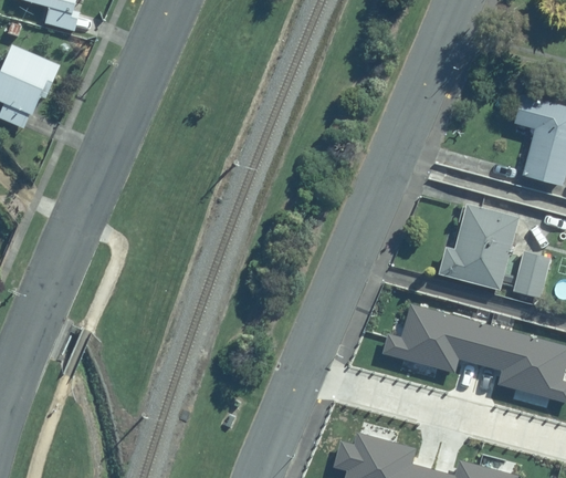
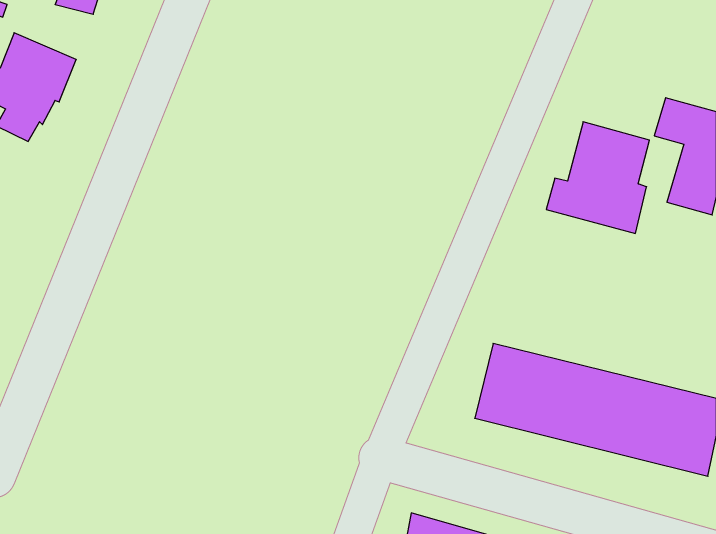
building: [437,209,517,297] -> [546,122,649,233]
building: [512,259,548,304] -> none

